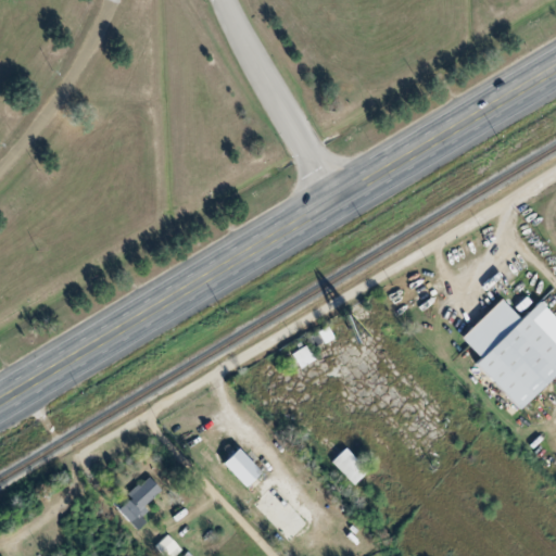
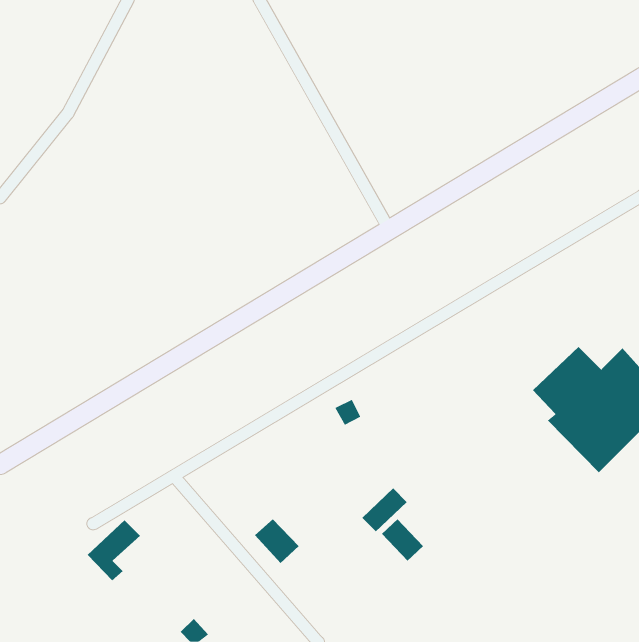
building: none -> [361,488,407,532]
building: [118,477,165,530] -> [87,519,141,581]

